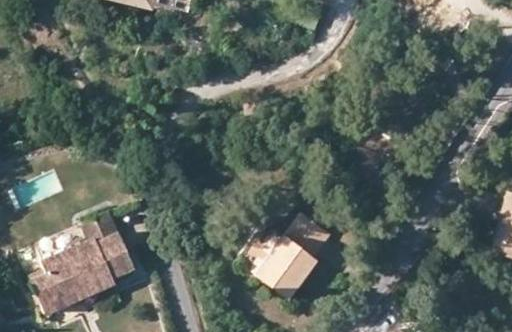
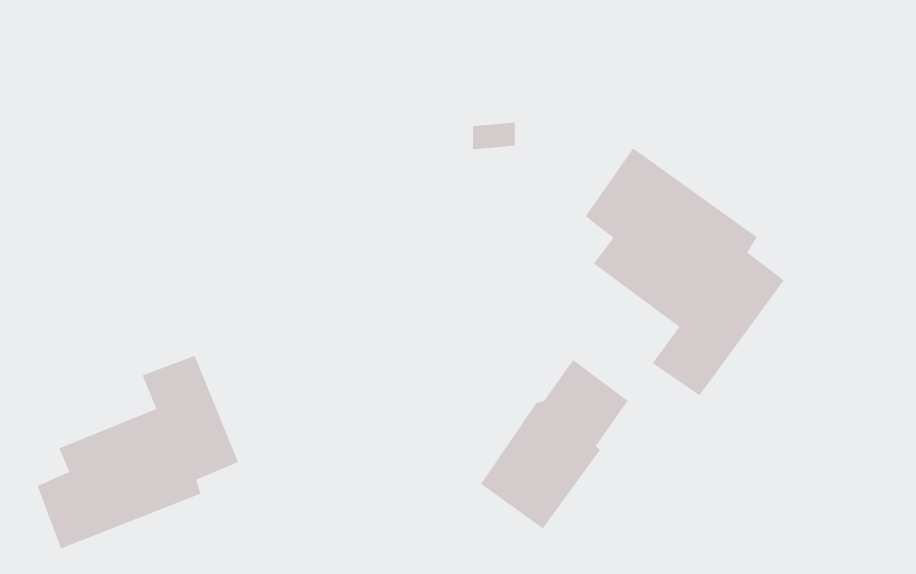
building: none -> [585,148,784,396]

